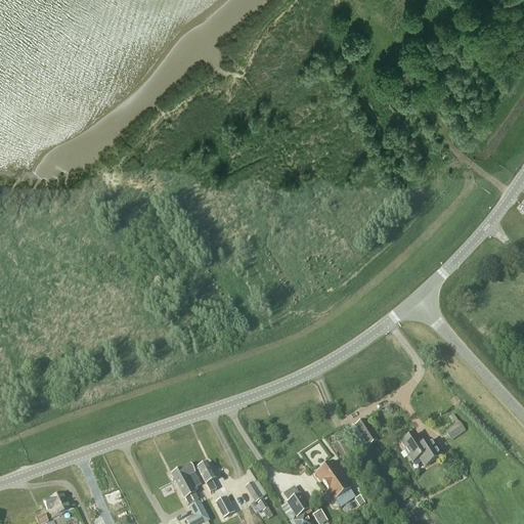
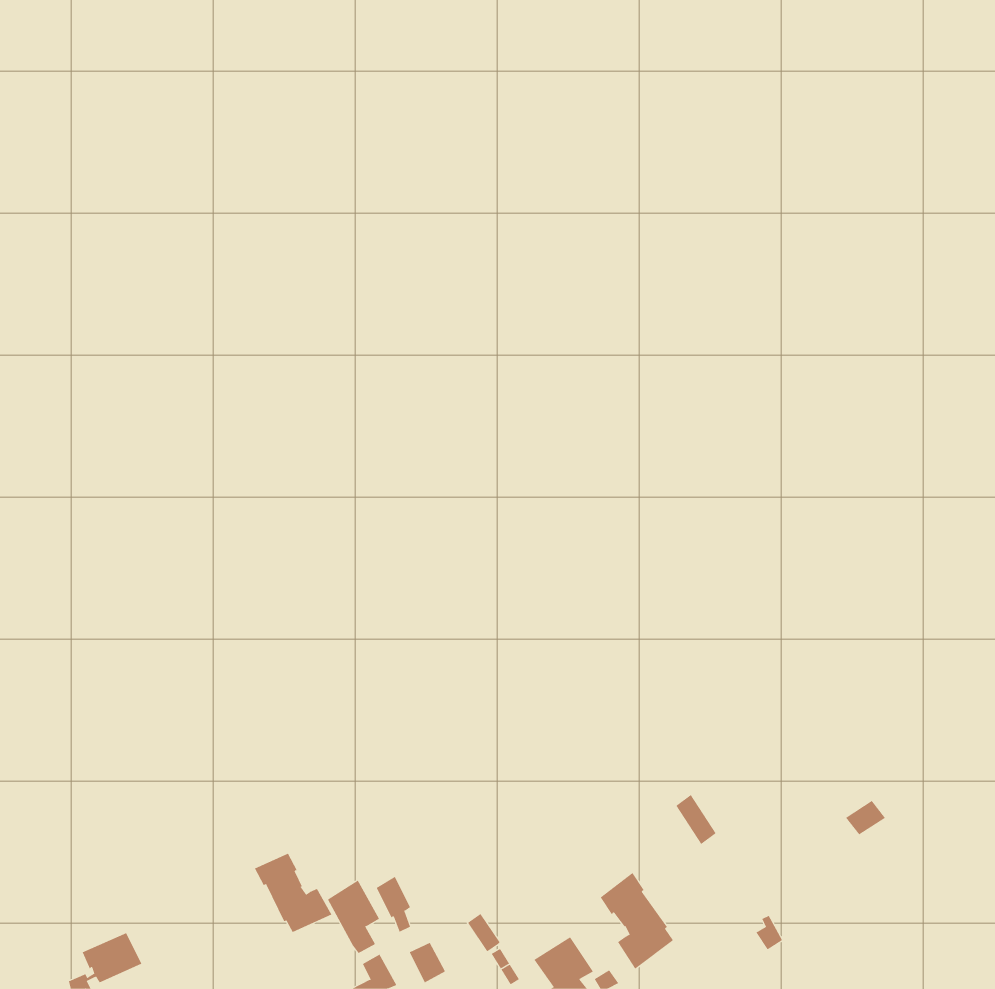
building: [401,432,441,465] -> none
building: none -> [254,853,332,933]

